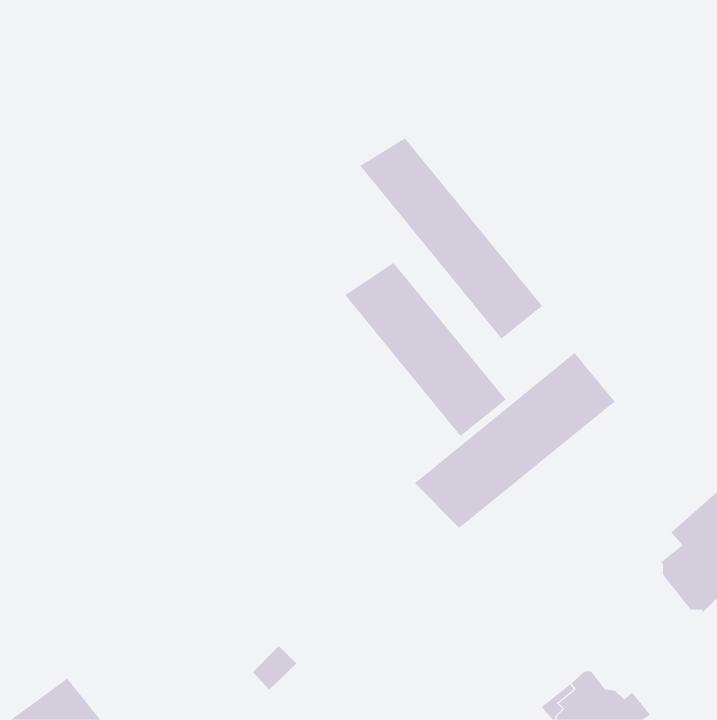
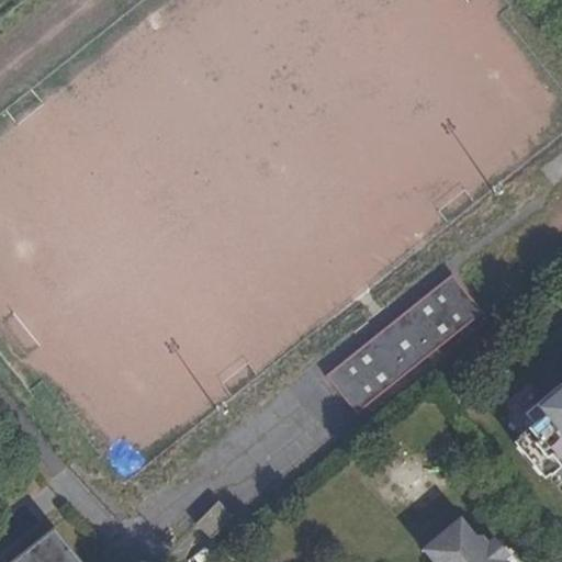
building: [360,138,543,339] -> none
building: [345,262,507,437] -> none

